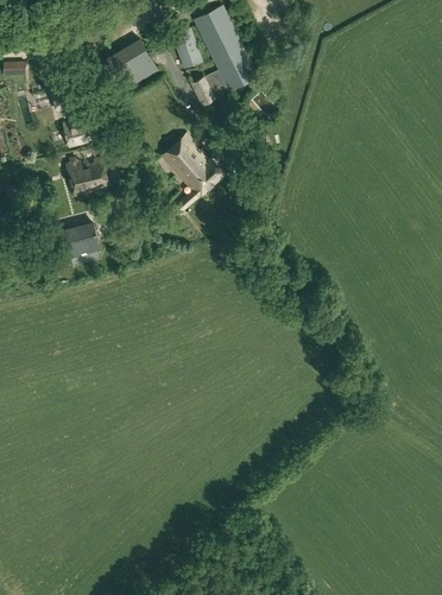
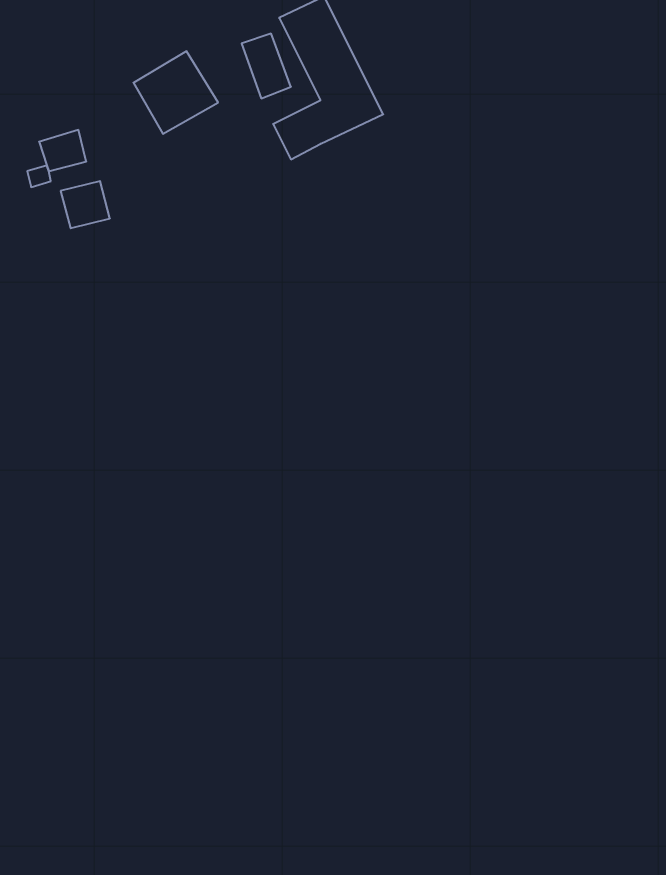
building: [160,133,223,209] -> none
building: [65,158,107,195] -> none
building: [56,223,99,259] -> none

